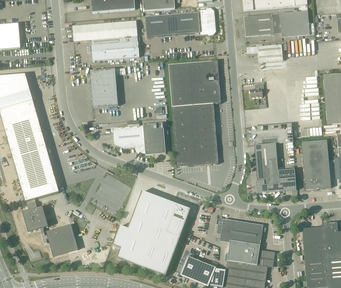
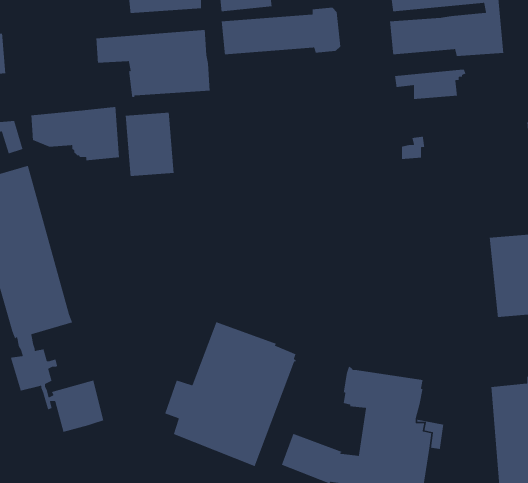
building: [168,59,220,166] -> none
building: [113,122,165,154] -> [30,106,120,161]
building: [254,142,296,192] -> none

